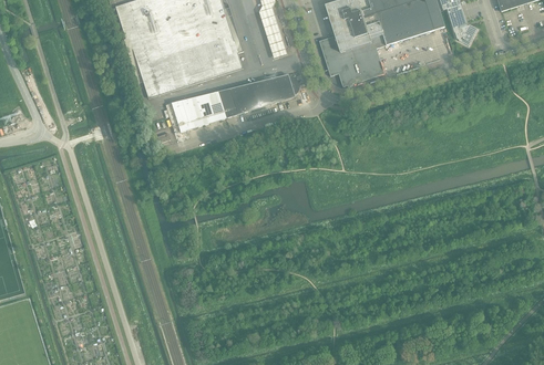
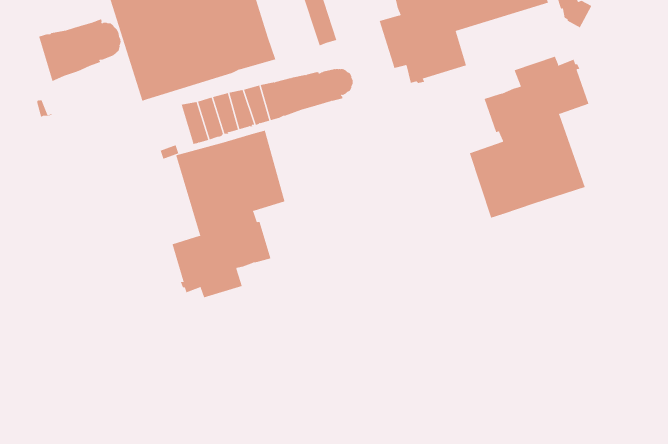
building: none -> [38,19,121,82]
building: none -> [469,56,589,219]
building: none -> [172,130,285,298]

